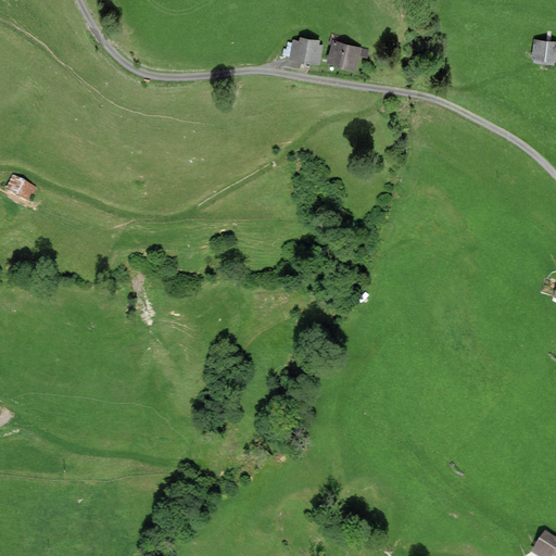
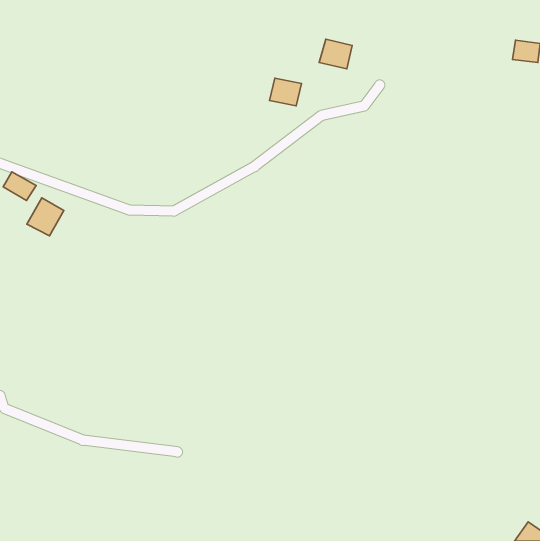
building: [292,36,325,64] -> [270,78,301,106]
building: none -> [27,198,64,236]

